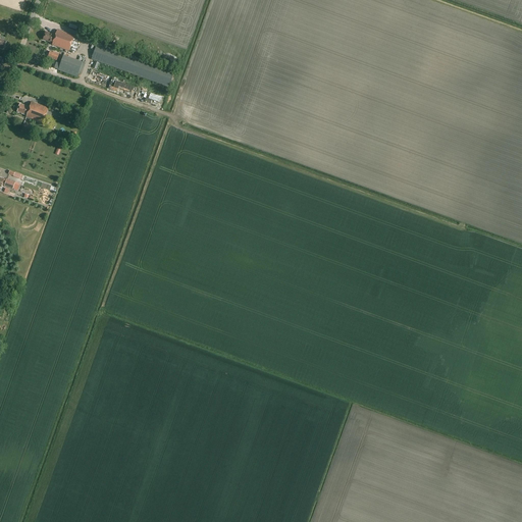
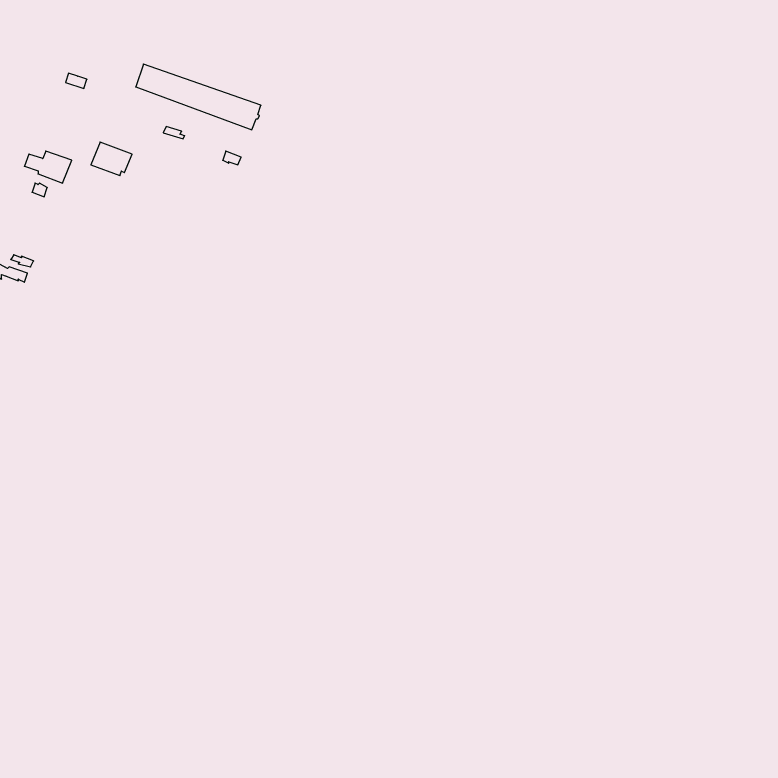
building: [42,29,73,50] -> none
building: [57,54,85,76] -> [91,142,132,176]

